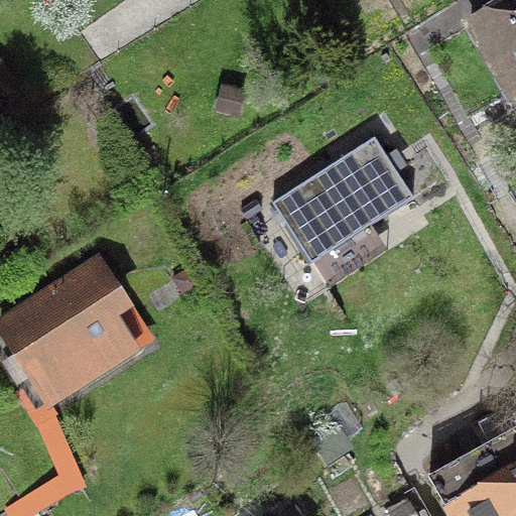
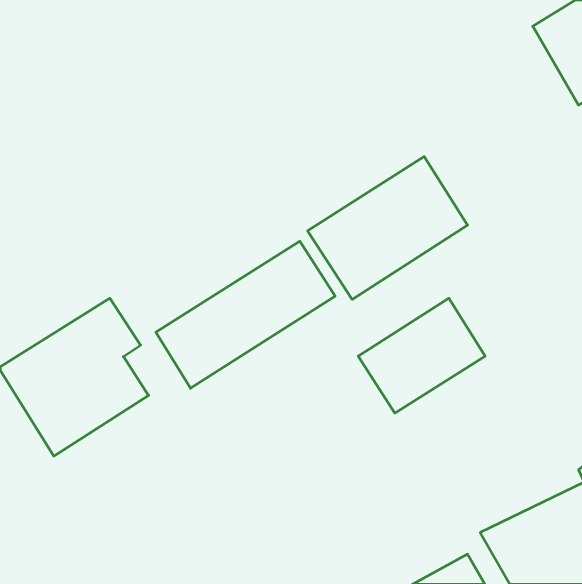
building: none -> [156,241,335,388]
building: none -> [358,298,485,413]

